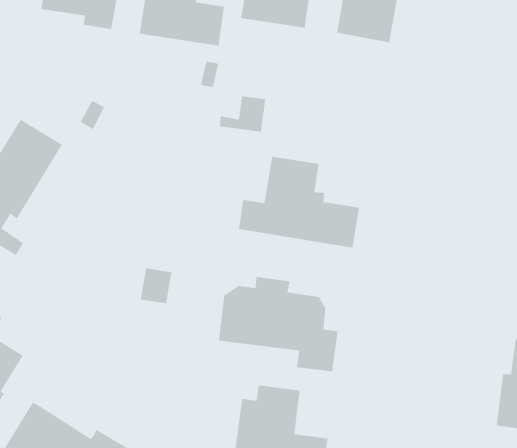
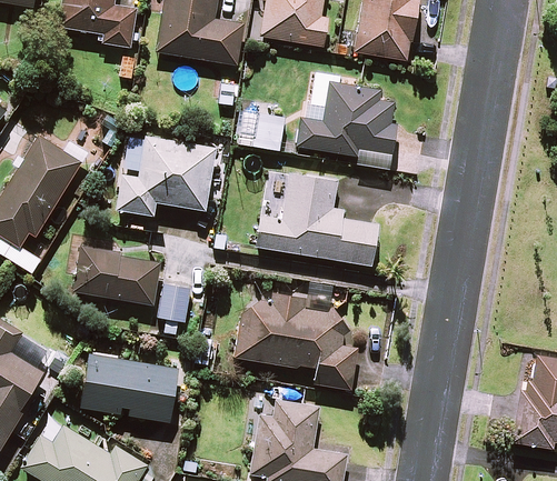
building: none -> [297,73,397,170]
building: none -> [117,137,216,216]
building: none -> [73,248,160,304]
building: none -> [80,354,178,421]

